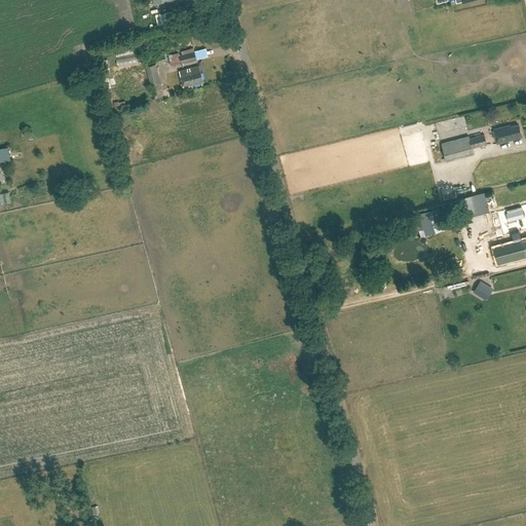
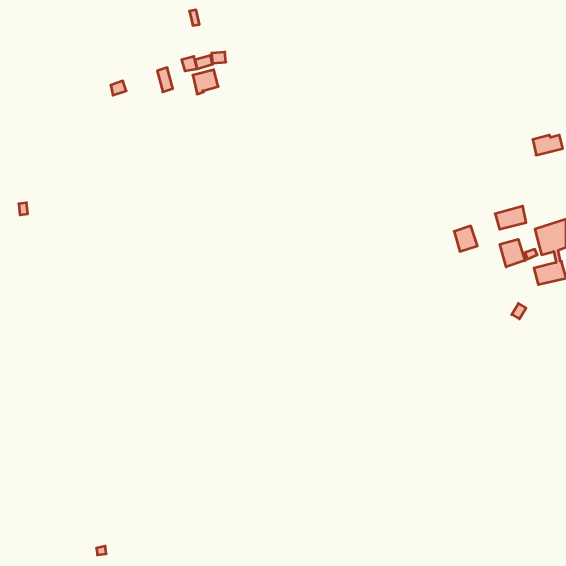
building: [442,135,488,161] -> none
building: none -> [500,239,525,267]

